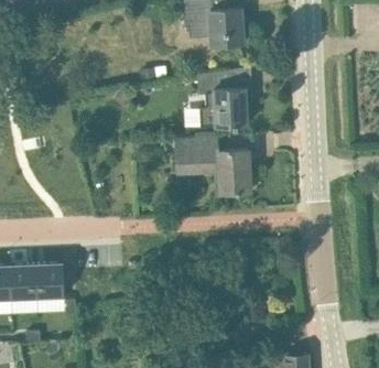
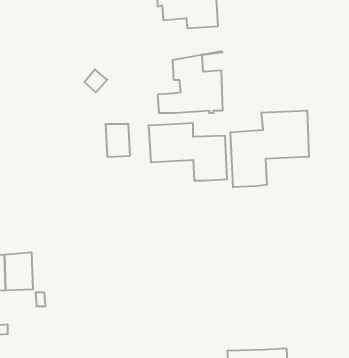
building: none -> [230,110,309,187]
building: none -> [106,124,130,157]

